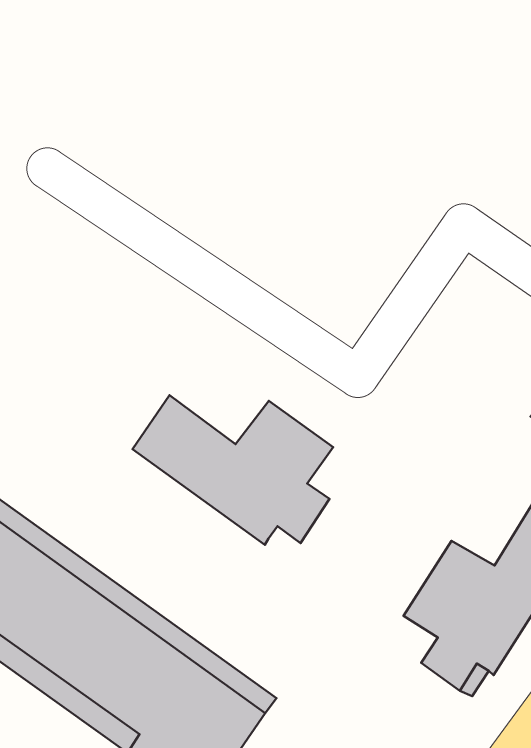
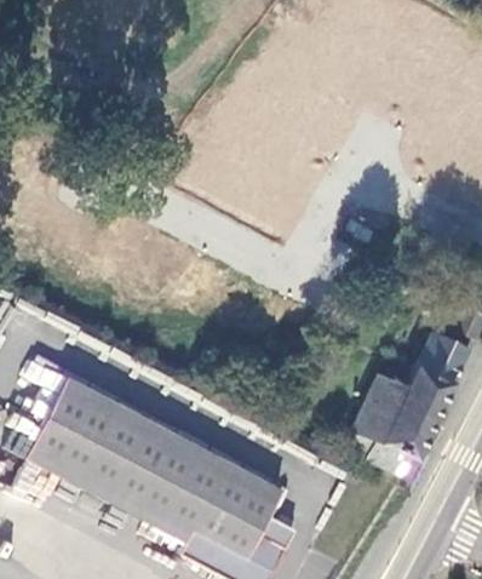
building: [132,395,333,545] -> none

